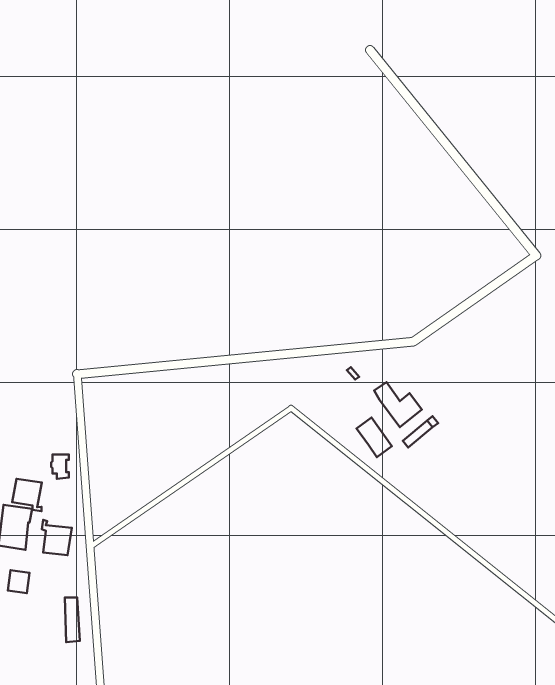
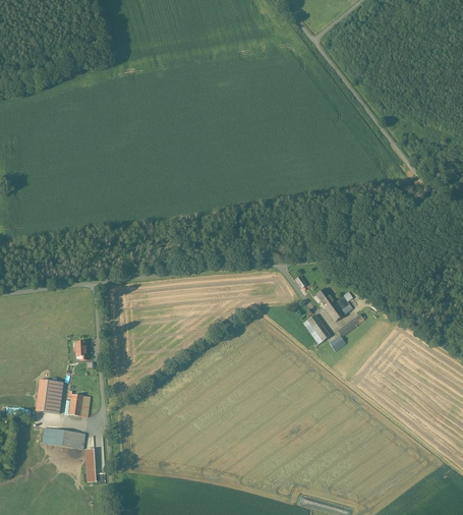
building: [12,479,42,511] -> none
building: none -> [56,430,84,449]

